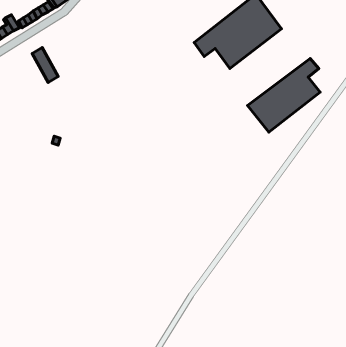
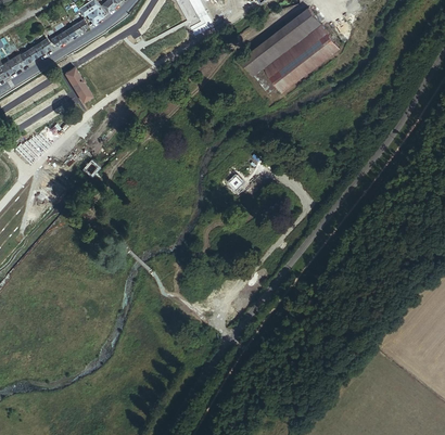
building: [247,58,320,132] -> none

